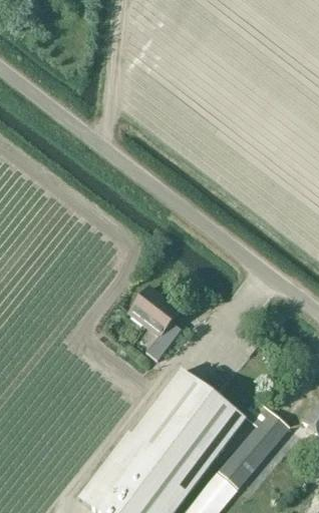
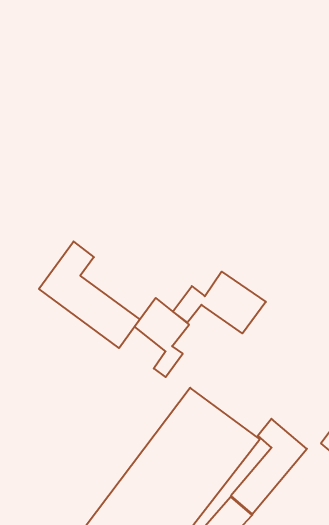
building: none -> [39,241,140,348]
building: none -> [173,272,266,333]

